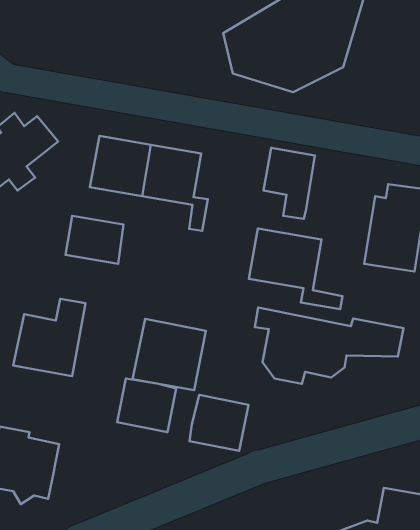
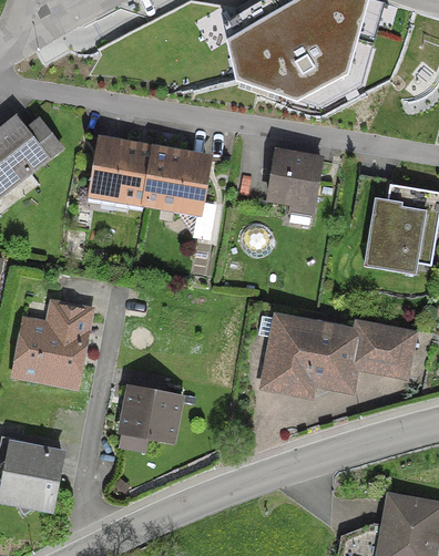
building: [66,216,124,264] -> none
building: [249,228,343,309] -> none
building: [133,319,206,390] -> none
building: [190,395,249,451] -> none

